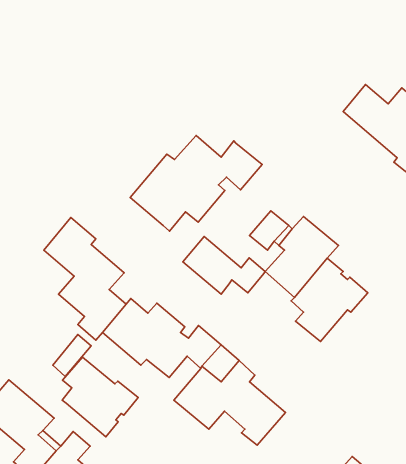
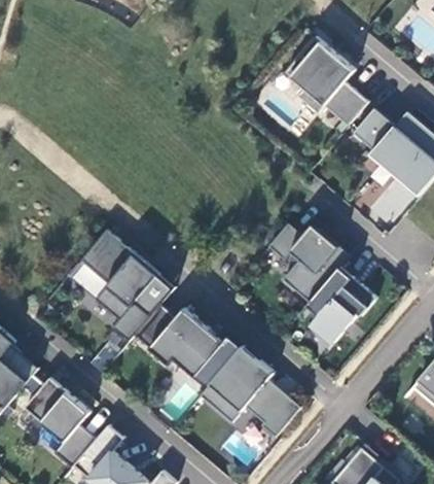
building: none -> [285,36,368,126]
building: [130,136,262,231] -> none
building: [183,236,265,294] -> none
building: [62,357,138,437] -> none

